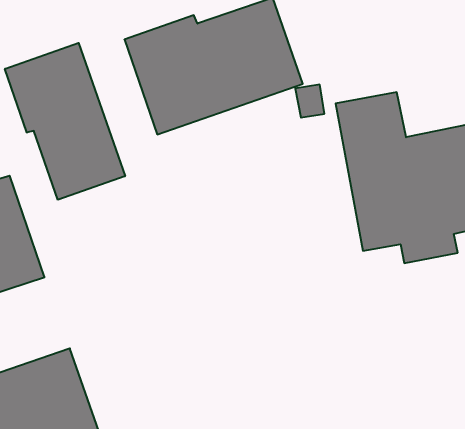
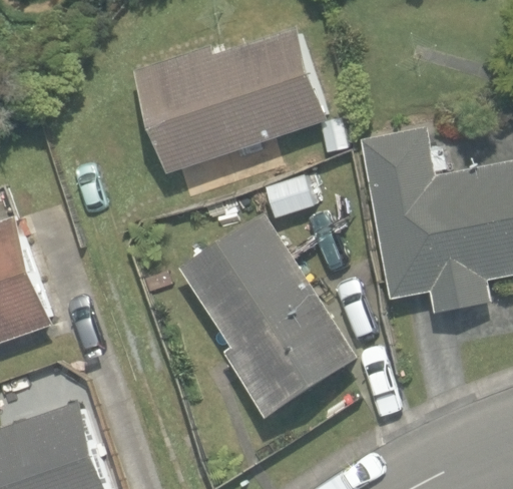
building: [5,43,125,200] -> none
building: none -> [178,213,356,417]

